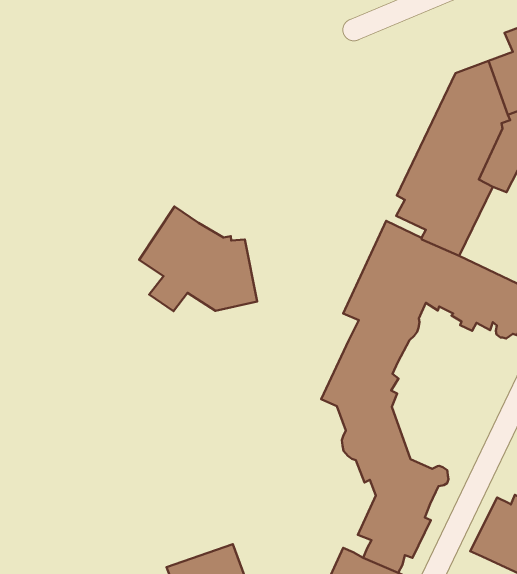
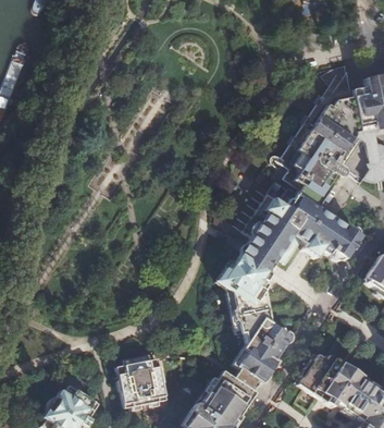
building: none -> [281,70,354,164]
building: [139,206,257,311] -> none

